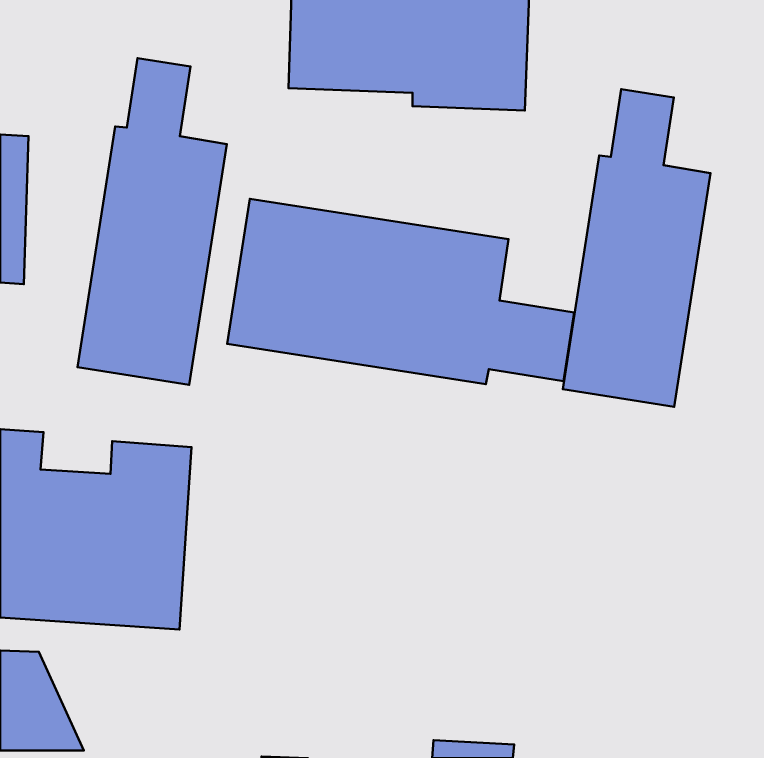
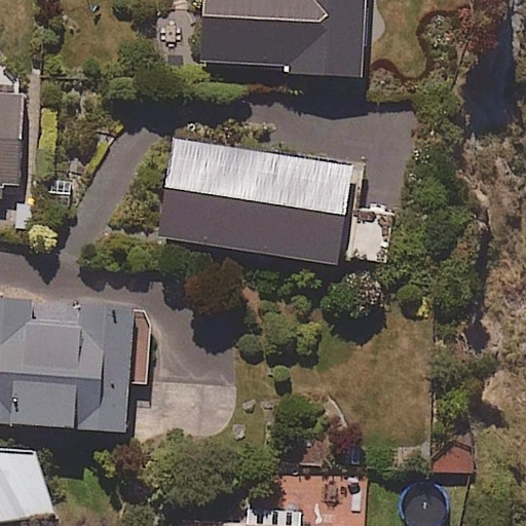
building: [78,58,227,385] -> none
building: [563,89,710,407] -> none

